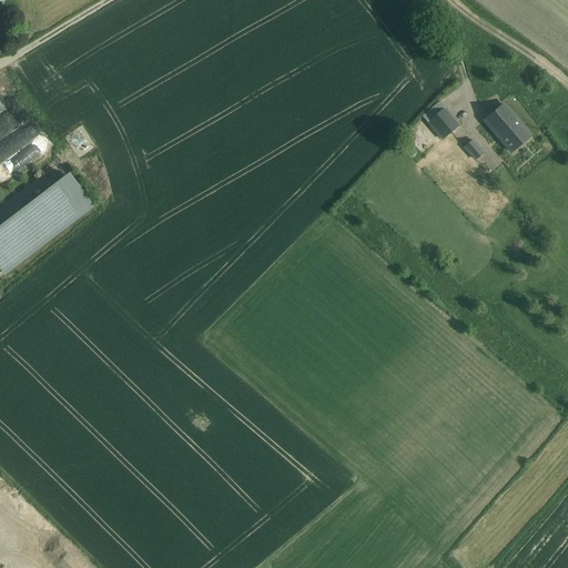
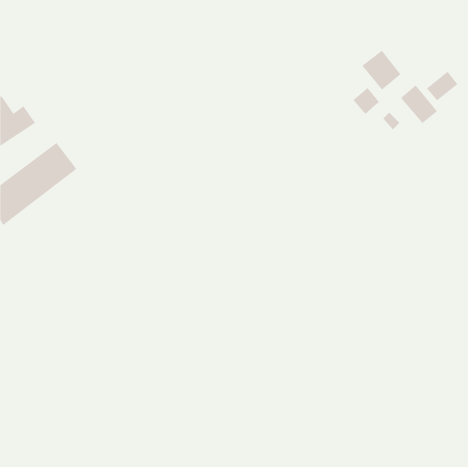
building: none -> [362,50,401,90]
building: none -> [426,71,458,101]

